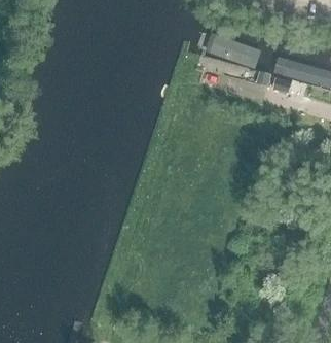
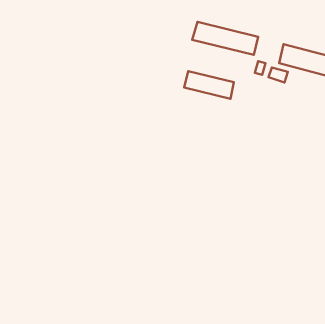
building: none -> [184,71,234,99]

